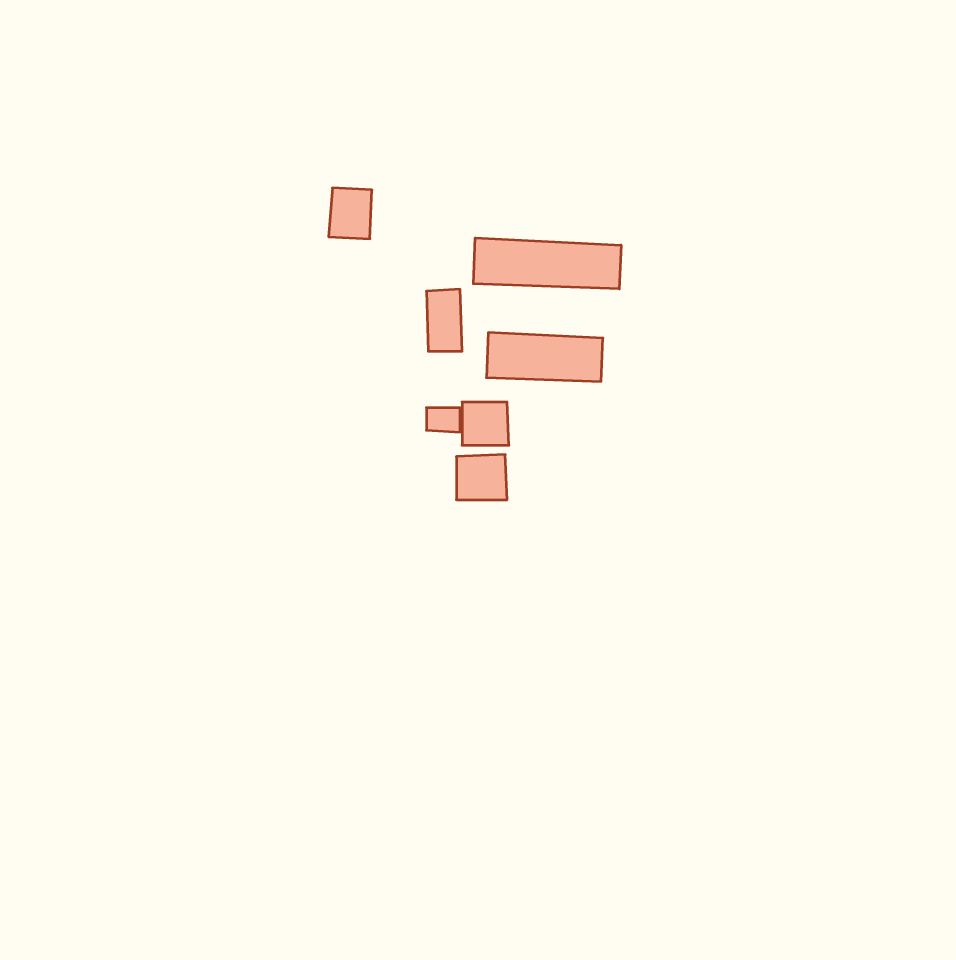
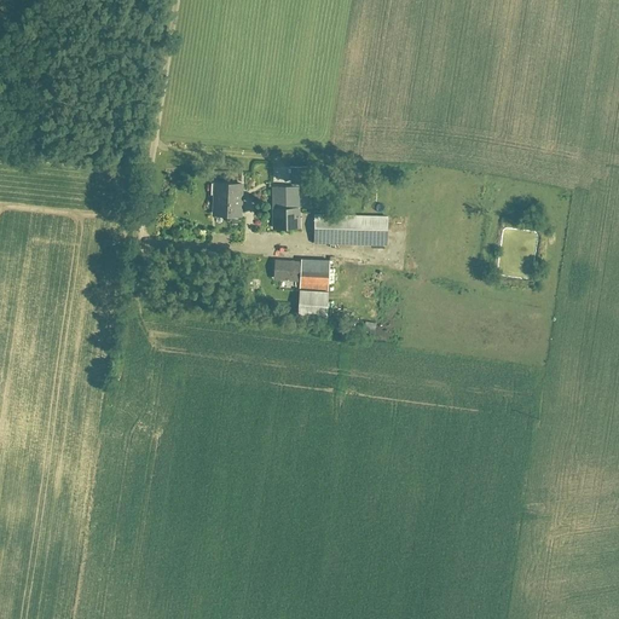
building: [329,188,372,239] -> [212,181,239,214]
building: [473,238,621,289] -> none

